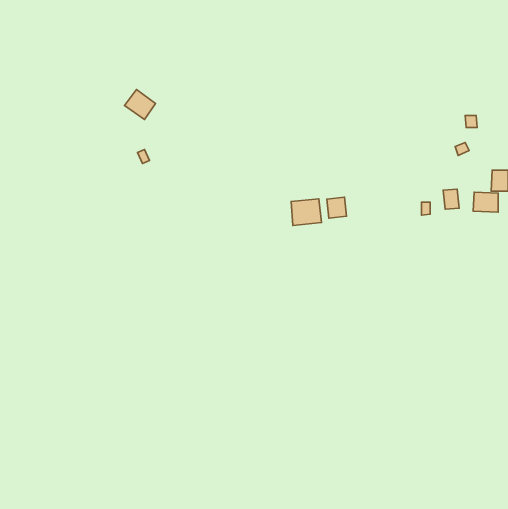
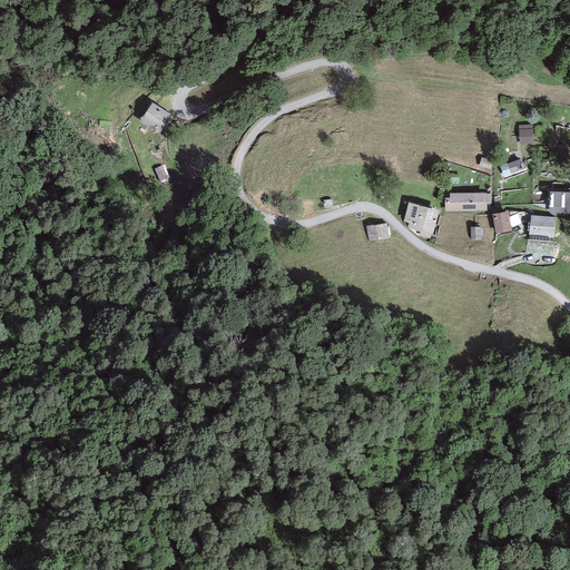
building: none -> [446,193,489,212]
building: none -> [404,202,440,238]
building: [291,199,322,225] -> none

